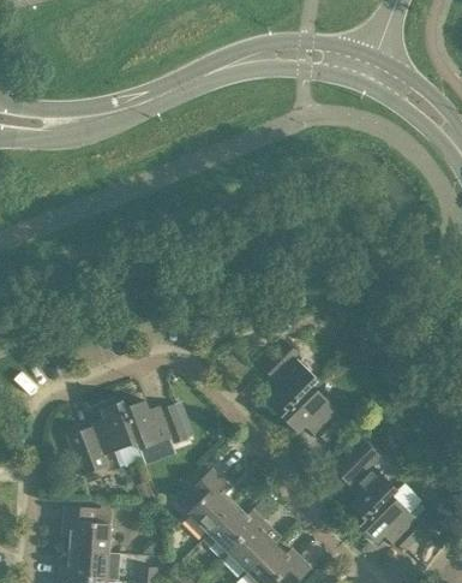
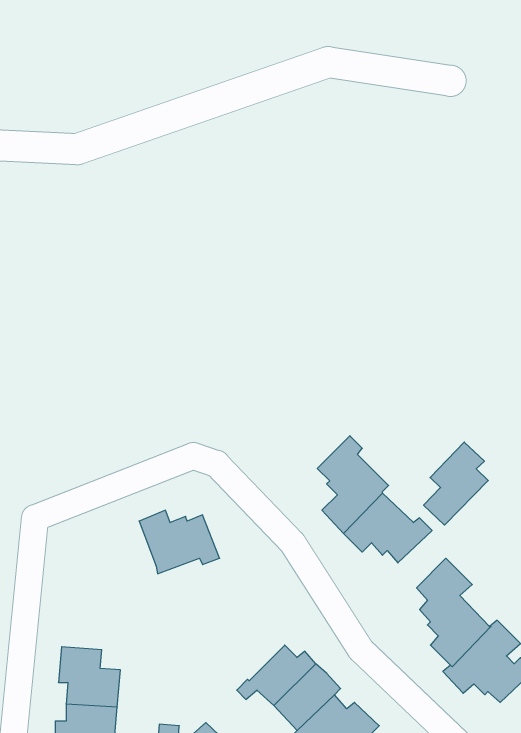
building: none -> [424,442,488,525]
building: [70,401,138,476] -> none
building: [179,469,238,533] -> none

